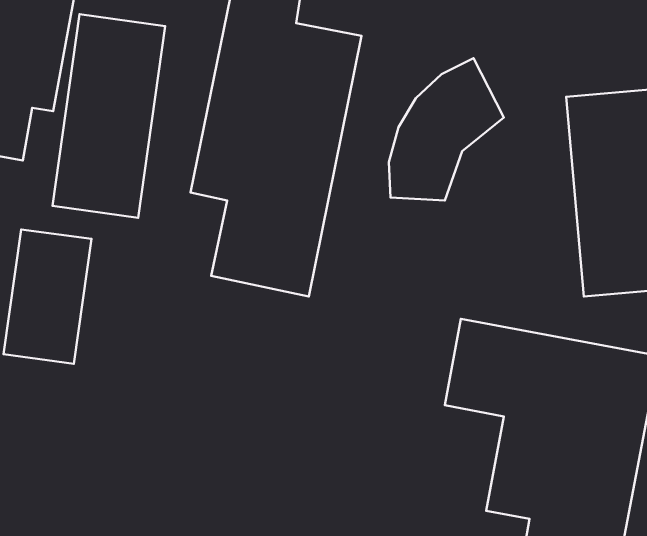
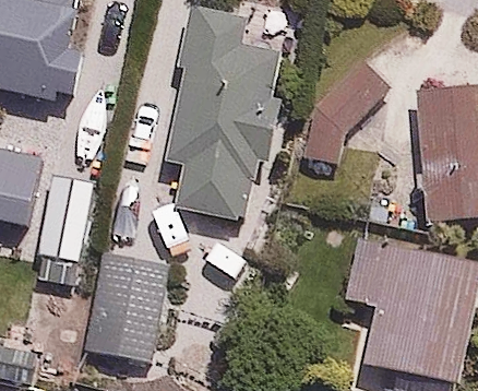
building: [53,14,165,218] -> none
building: none -> [88,250,163,358]

